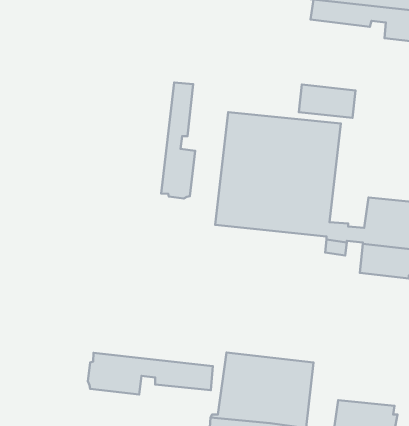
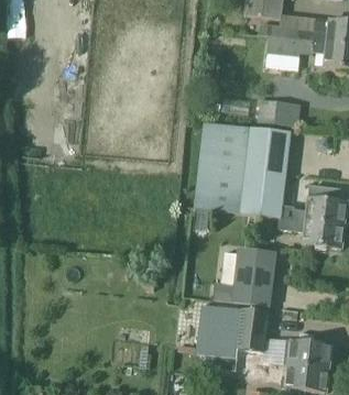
building: [161,83,195,199] -> none
building: none -> [214,248,275,305]
building: [88,353,213,394] -> none

